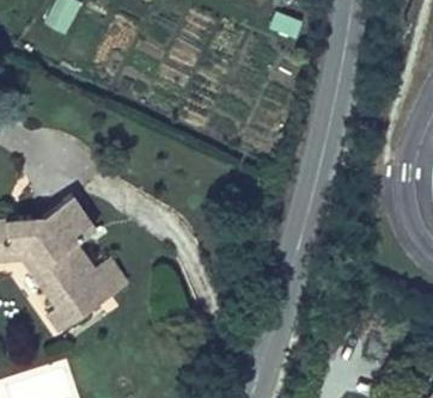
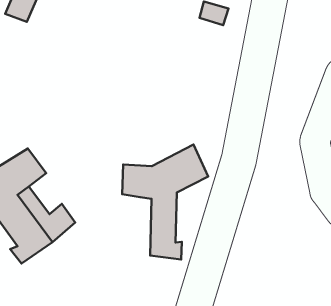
building: none -> [122,145,208,259]

